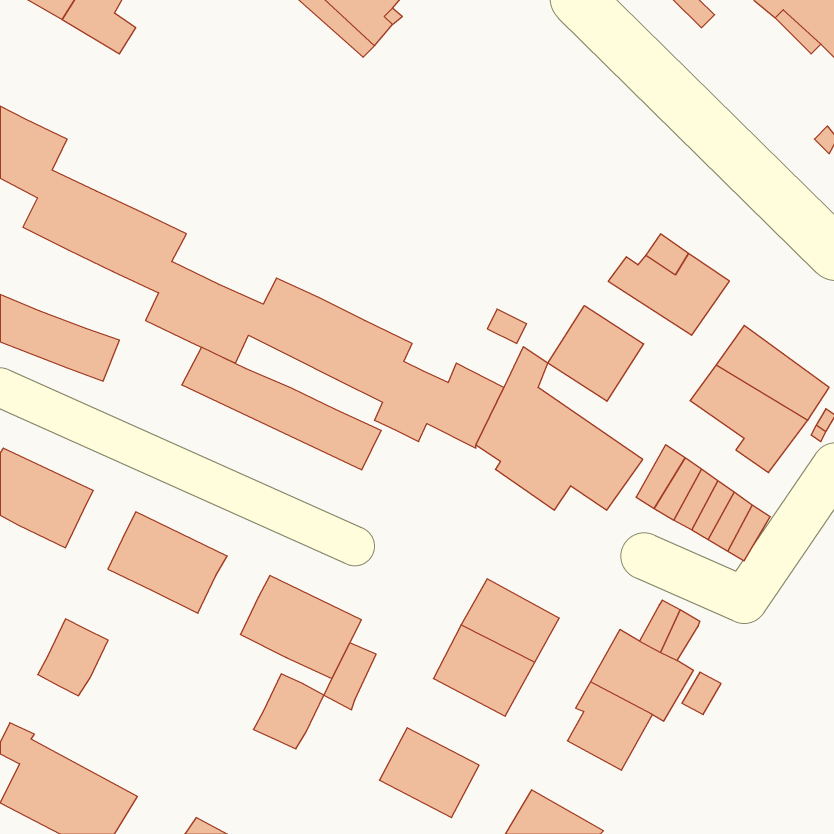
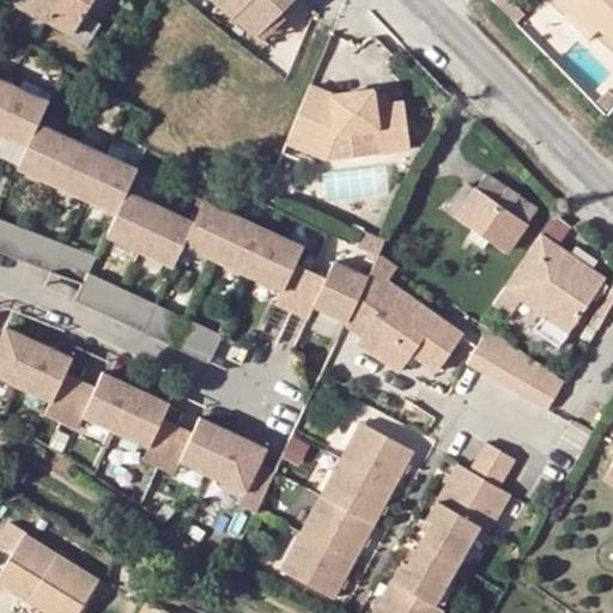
building: none -> [291,89,413,160]
building: [548,306,644,401] -> none
building: [182,347,381,470] -> [74,273,220,363]
building: [38,619,108,696] -> [42,374,93,430]
building: [253,674,324,749] -> [139,421,190,477]
building: none -> [299,497,371,560]
building: none -> [390,542,456,603]

